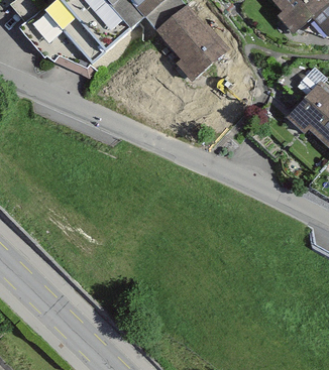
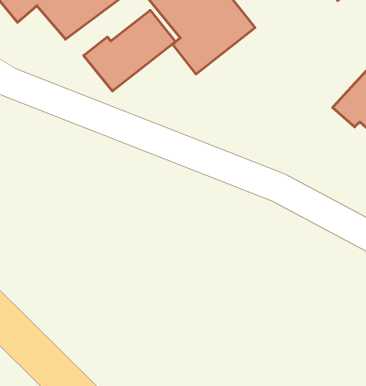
building: none -> [84,10,175,91]

